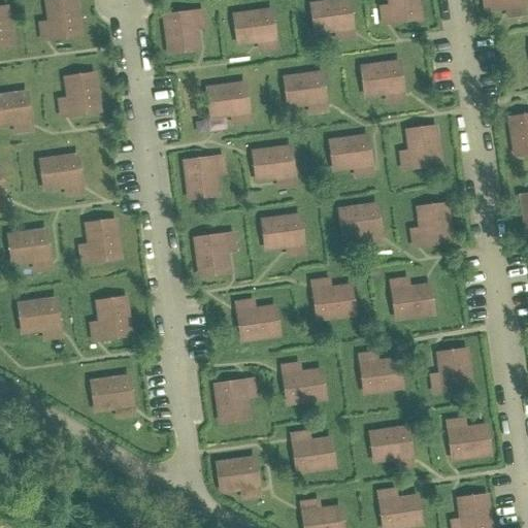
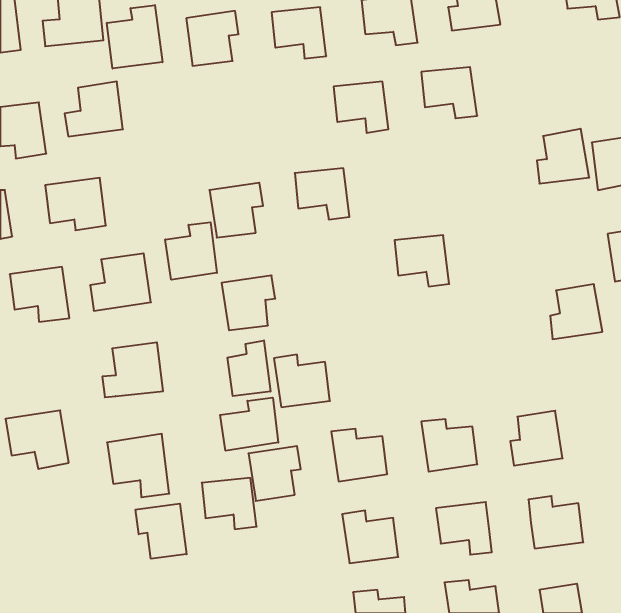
building: none -> [107,5,162,69]
building: [202,79,249,123] -> none
building: [402,125,447,171] -> [537,129,589,184]
building: [327,131,373,174] -> none
building: none -> [165,222,217,280]
building: [410,201,455,248] -> [550,284,602,339]
building: [258,209,305,253] -> none
building: [310,277,358,322] -> none
building: [389,278,436,323] -> none
building: none -> [227,340,270,396]
building: [18,291,71,340] -> [5,410,69,469]
building: none -> [220,398,278,451]
building: none -> [136,504,187,559]
building: [214,457,261,500] -> [202,478,257,529]

